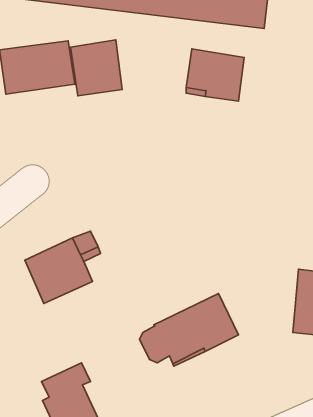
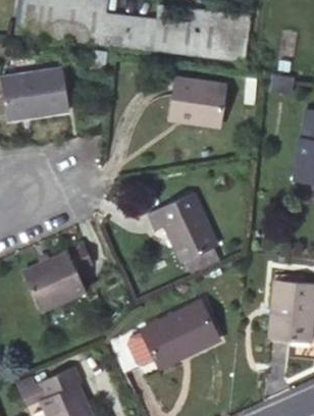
building: [70,40,122,96] -> none
building: none -> [148,192,222,272]

